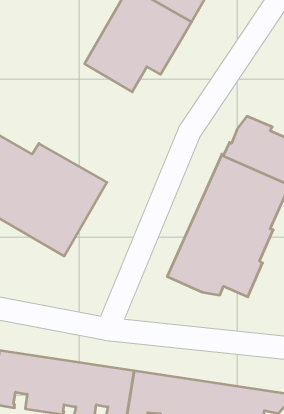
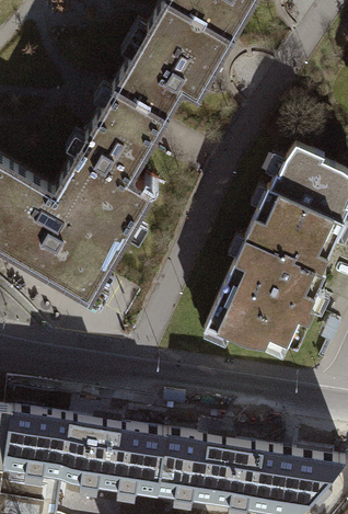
building: none -> [60,88,165,221]

